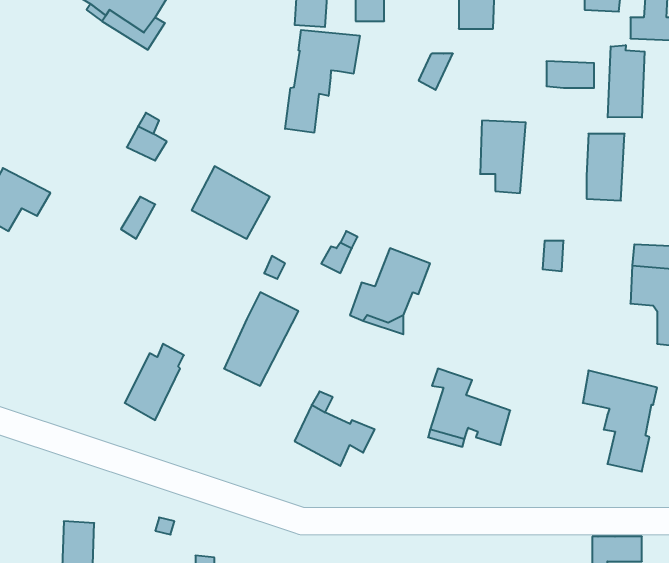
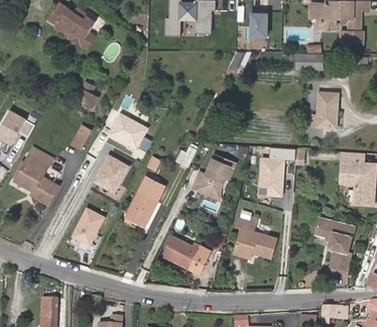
building: [285,30,360,133] -> none
building: [608,45,645,118] -> none
building: [480,121,526,193] -> [260,157,284,196]
building: none -> [14,147,57,204]
building: none -> [94,152,130,192]

